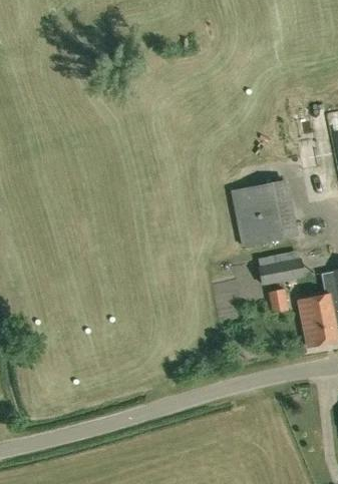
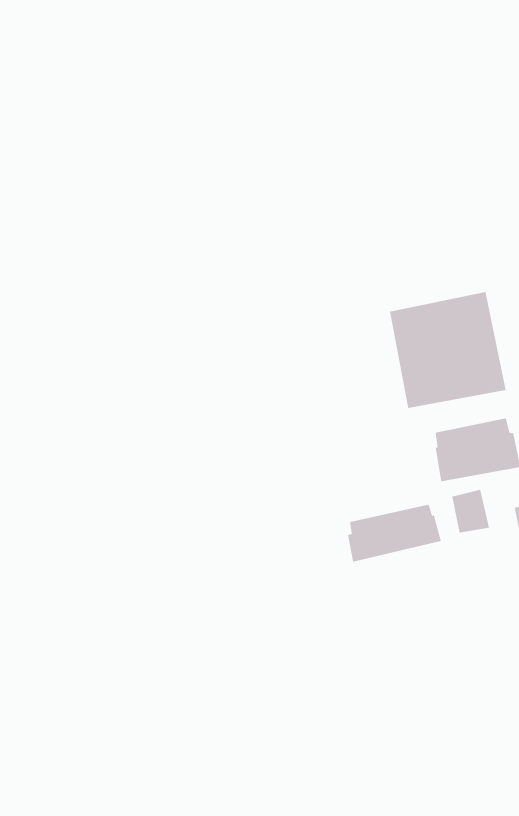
building: none -> [347,504,442,562]

